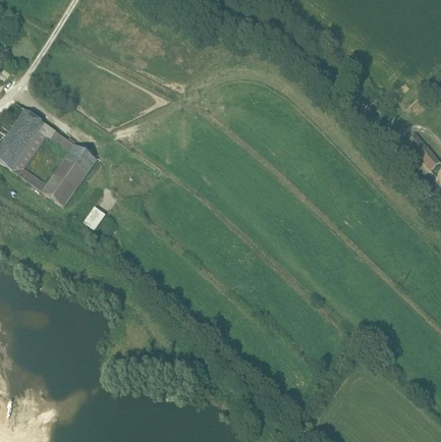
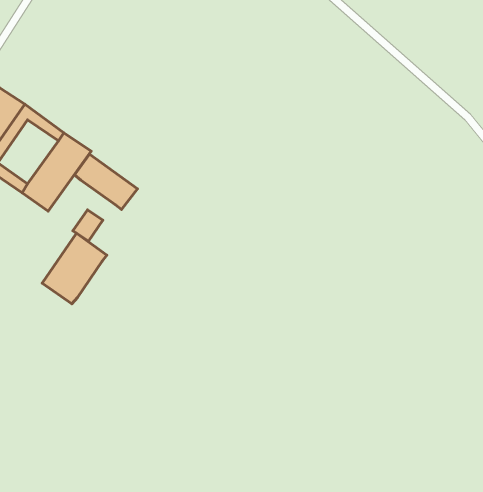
building: none -> [74,154,138,210]
building: none -> [42,233,107,304]

